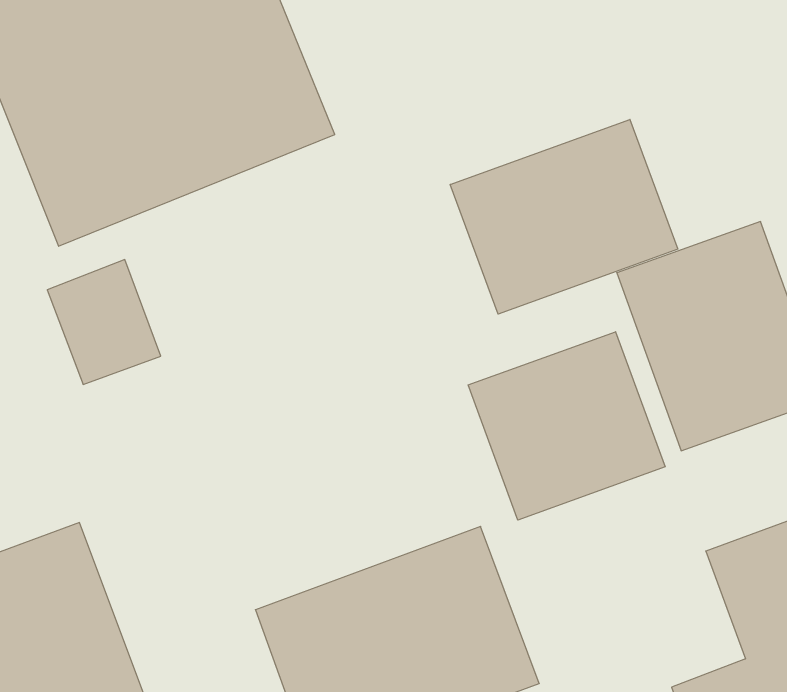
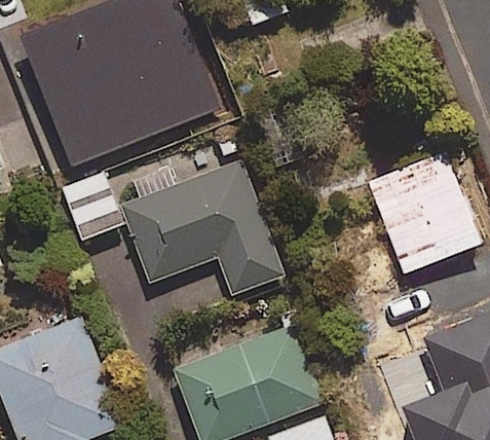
building: [450,119,678,314] -> none
building: none -> [121,162,284,296]
building: [468,332,665,520] -> none

